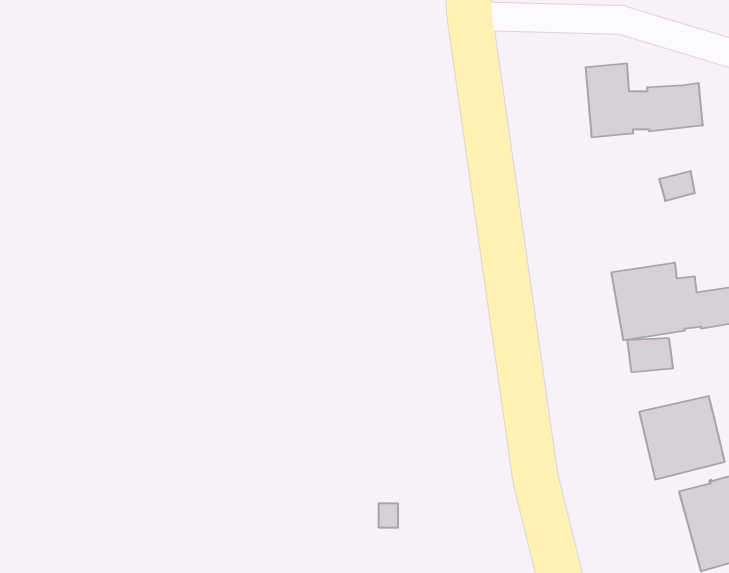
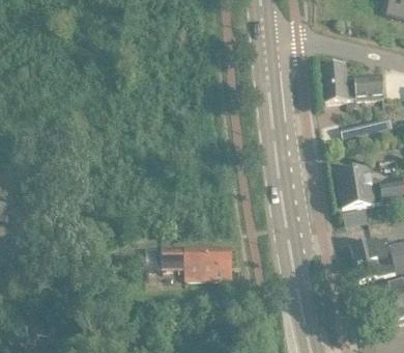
building: none -> [161,246,230,280]

